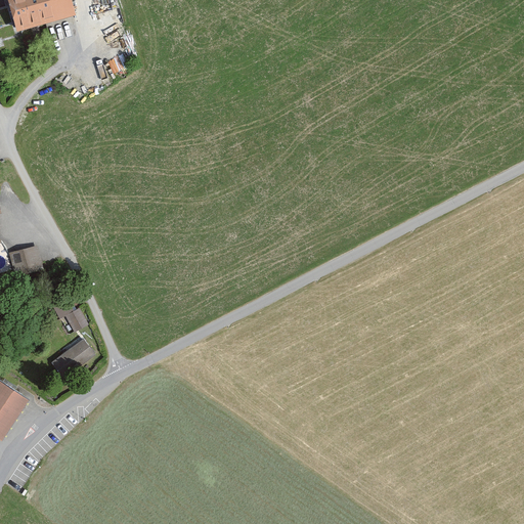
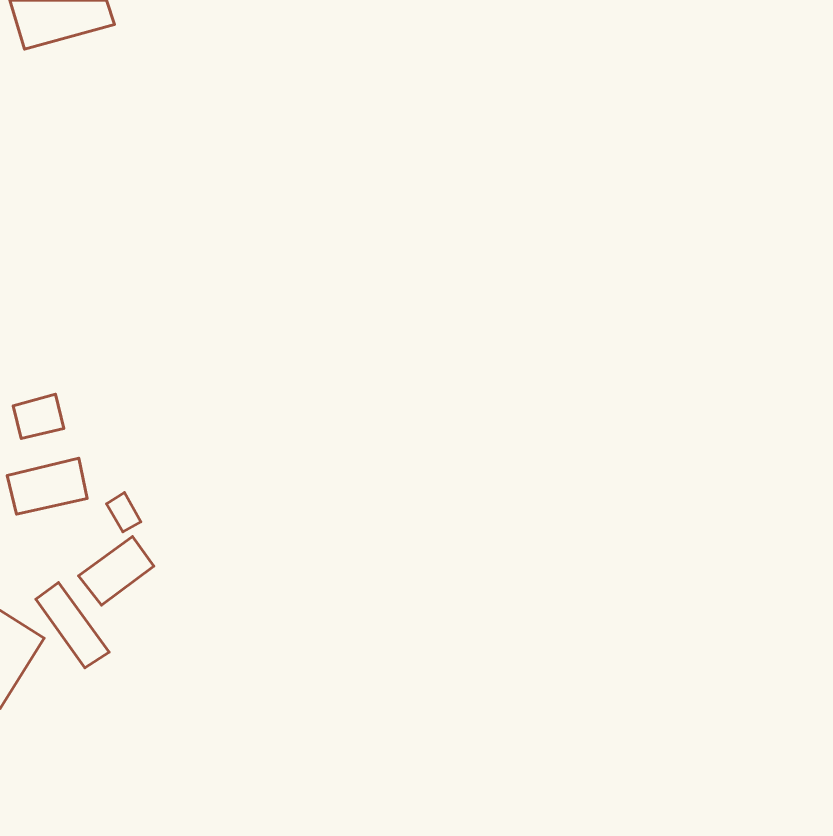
building: none -> [7,458,87,514]
building: none -> [36,582,109,668]

